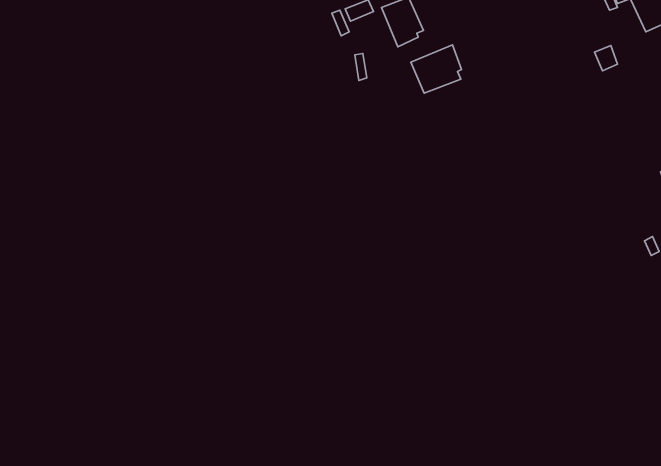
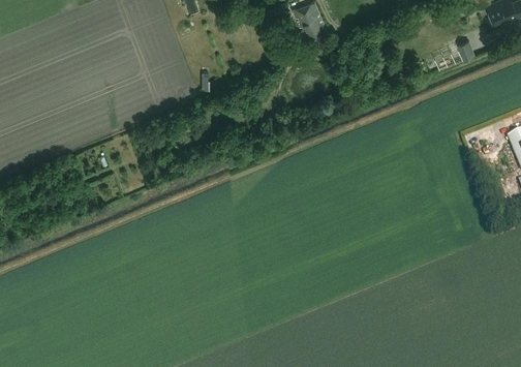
building: [411,45,462,93] -> none

